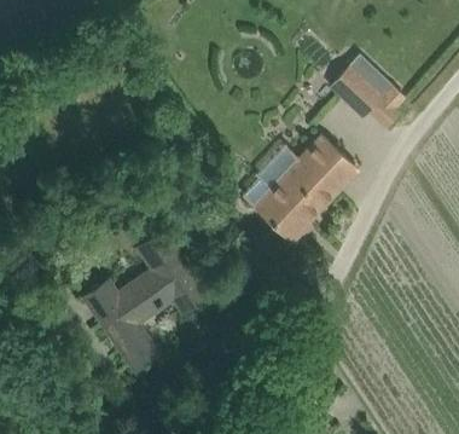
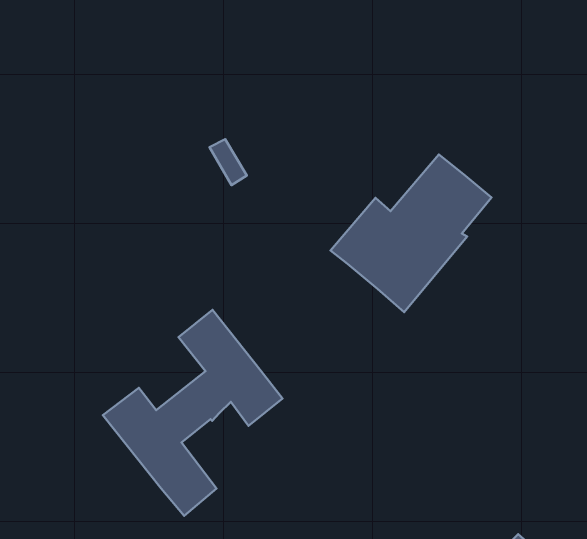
building: [332,68,383,117] -> none

